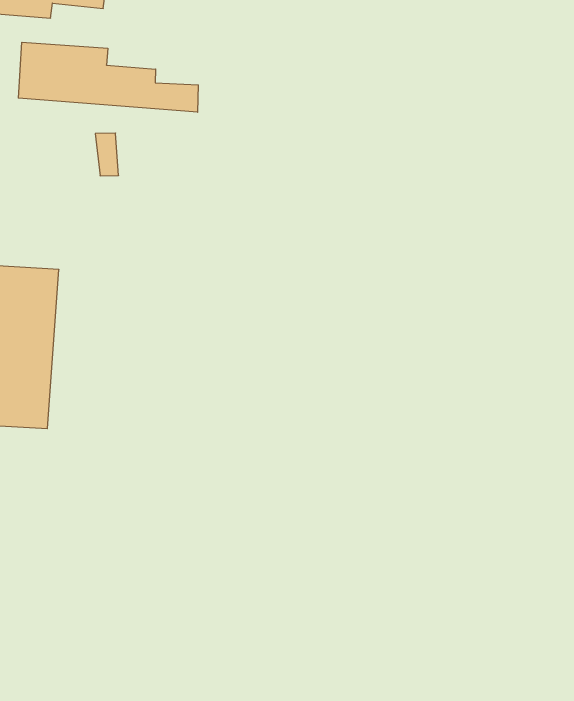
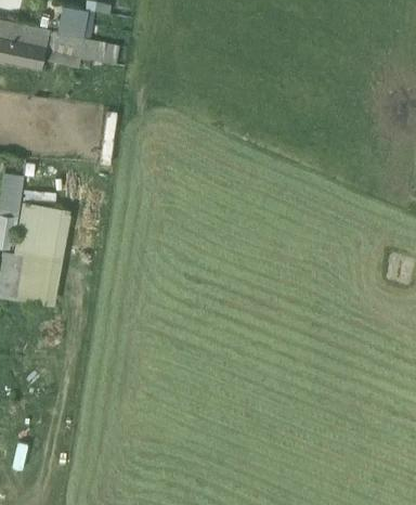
building: [18,42,198,112] -> none

